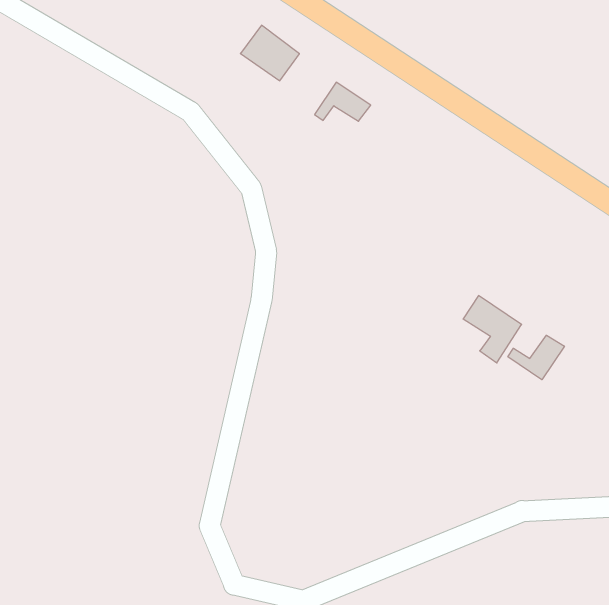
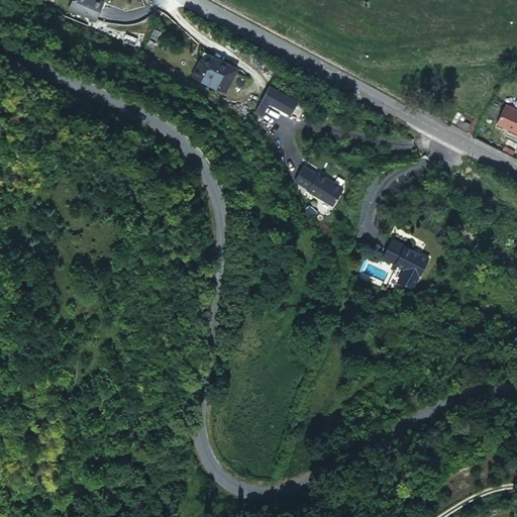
building: none -> [293,167,340,206]
building: [508,335,564,380] -> none

